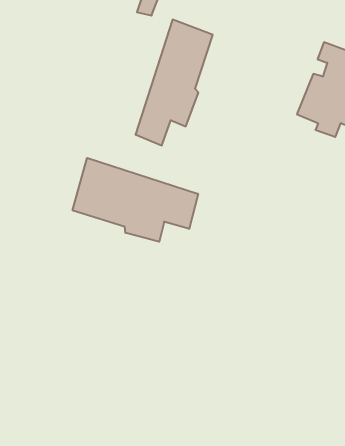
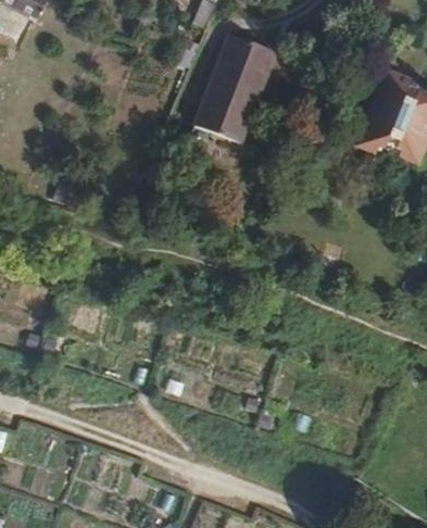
building: [73,158,198,242] -> none

